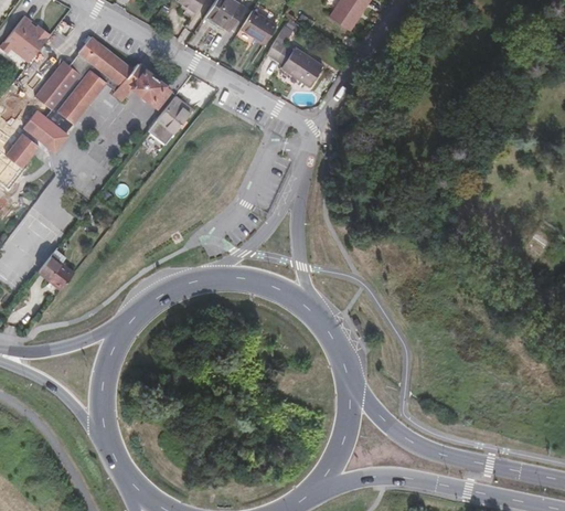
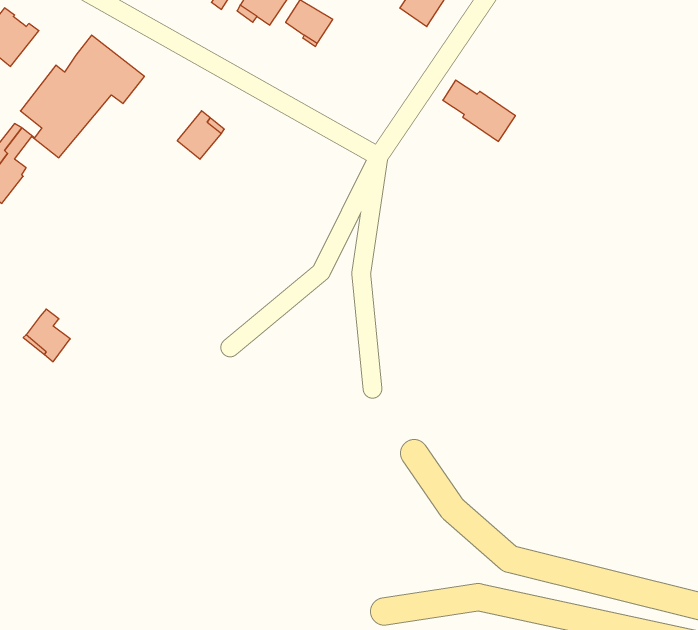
building: [266,39,322,86] -> [443,80,515,141]
building: [113,64,170,107] -> none
building: [31,116,68,152] -> none

